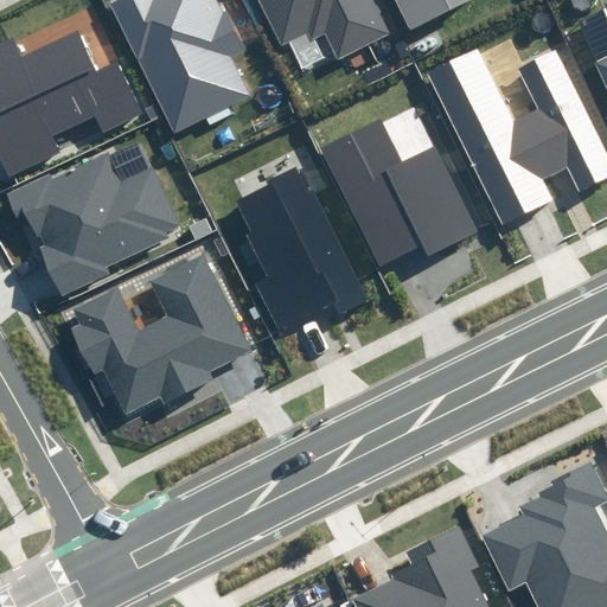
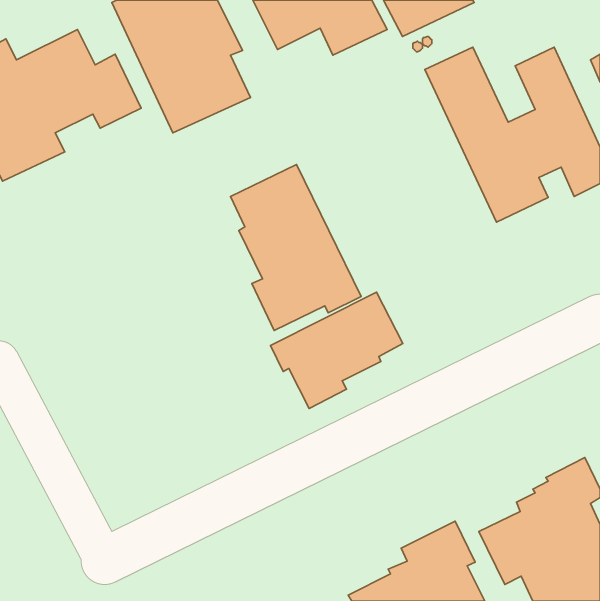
building: [318,117,478,267] -> none
building: [13,153,183,298] -> none
building: [68,253,248,411] -> none
building: none -> [270,292,403,408]

